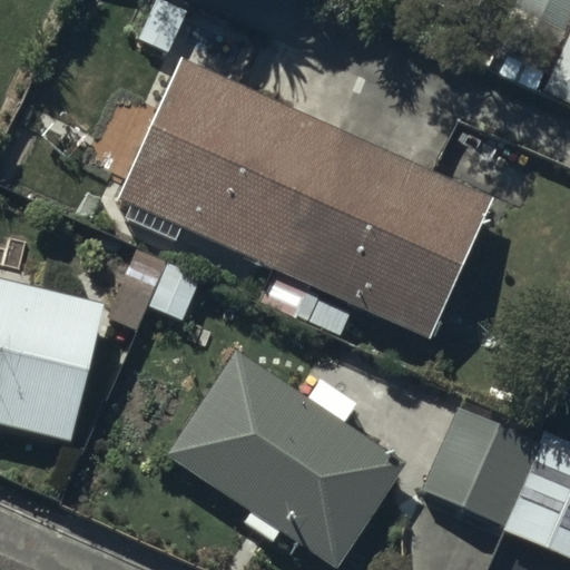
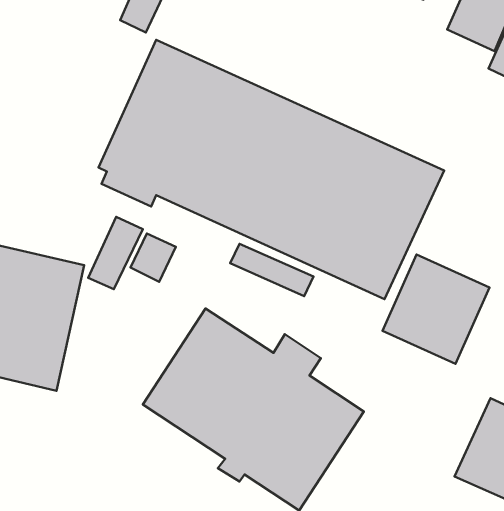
building: [423,406,539,524] -> [382,255,489,364]

